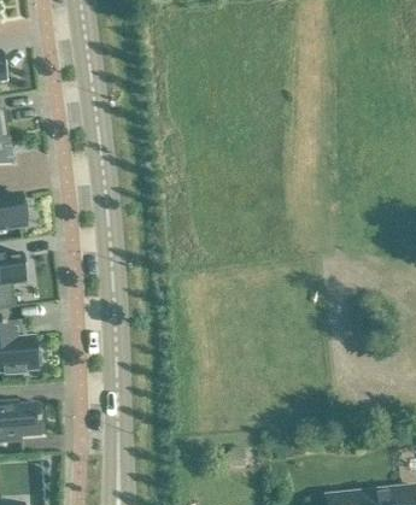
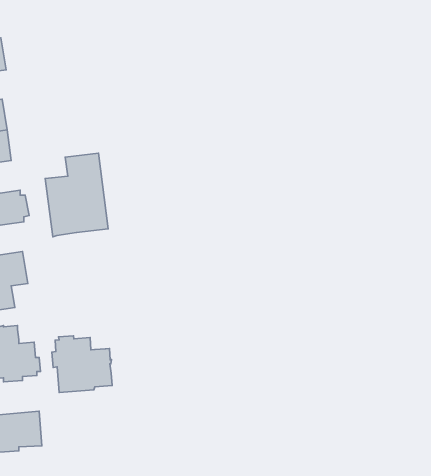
building: none -> [45,153,108,237]
building: none -> [52,336,112,393]

